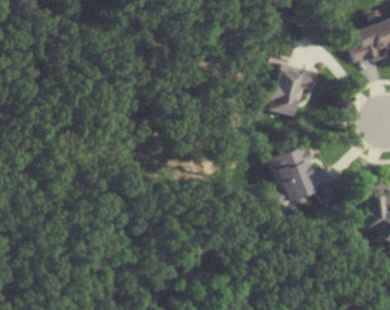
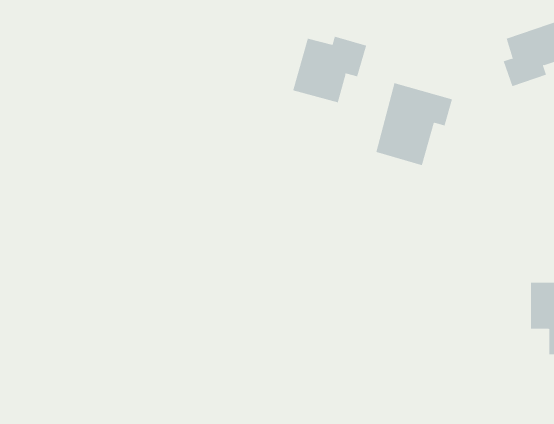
building: none -> [293,36,367,103]
building: [271,145,331,201] -> none

